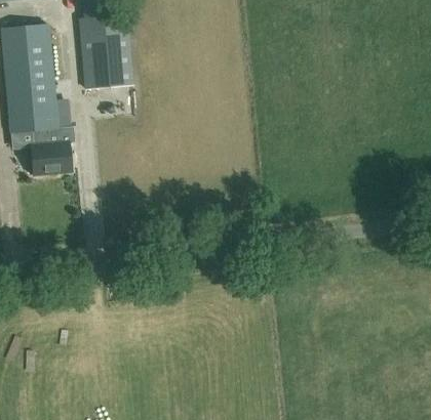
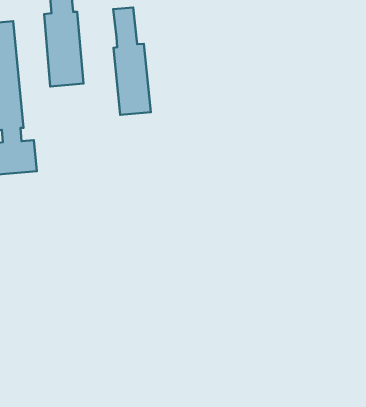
building: none -> [113,7,151,115]

